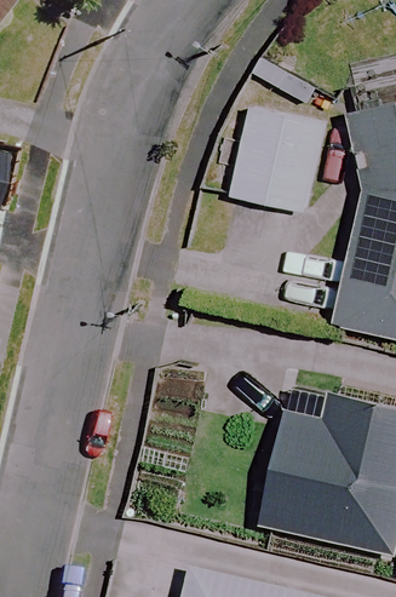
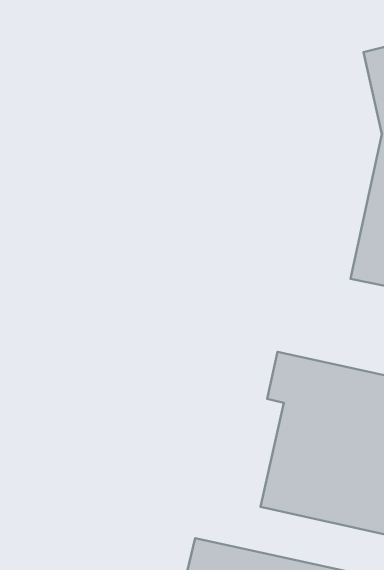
building: [235,99,331,203] -> none

